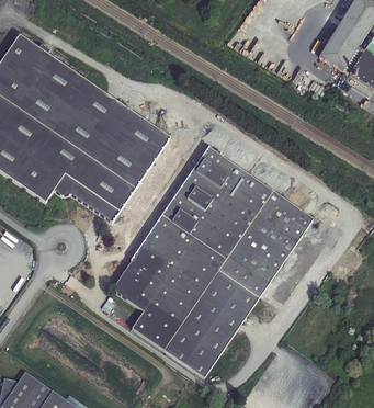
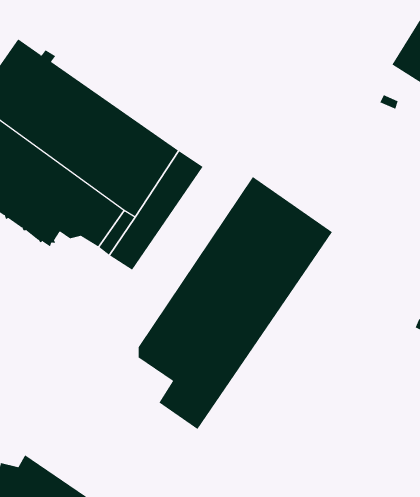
building: [163,191,313,377] -> none

